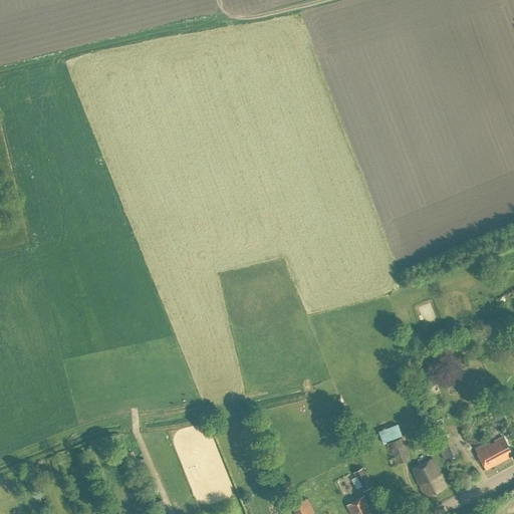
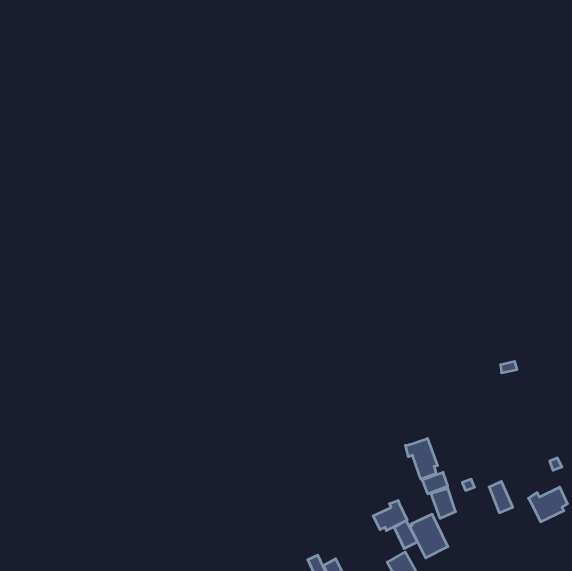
building: none -> [405,438,438,479]
building: none -> [373,500,407,531]
building: [412,460,446,499] -> [410,514,448,558]

